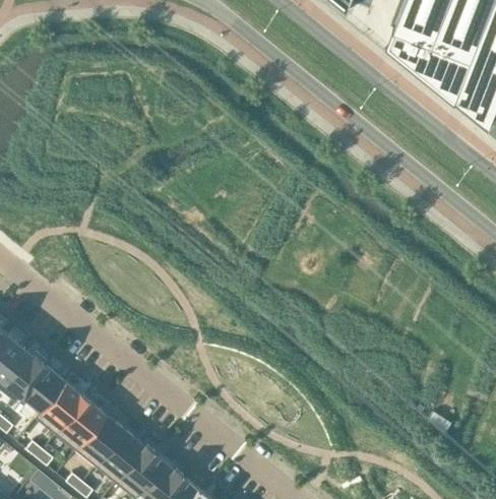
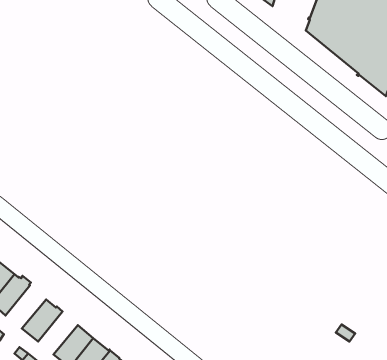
building: [14,364,65,418] -> none
building: [55,396,105,450] -> none

